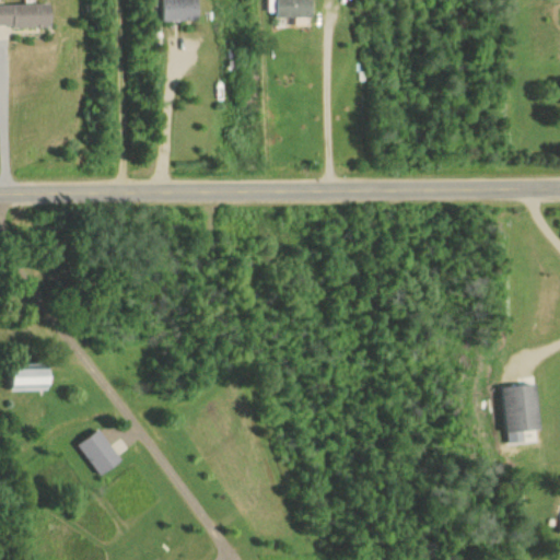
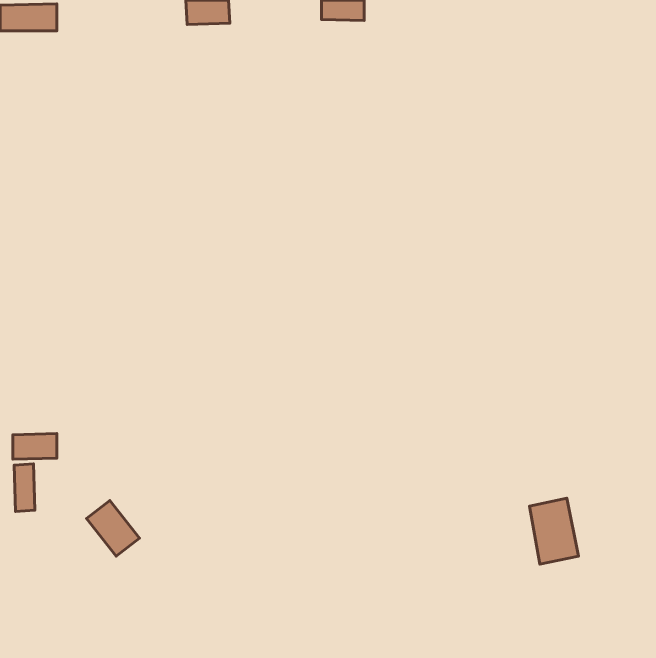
building: [500,377,541,433] -> [529,498,578,564]
building: none -> [14,464,35,511]

